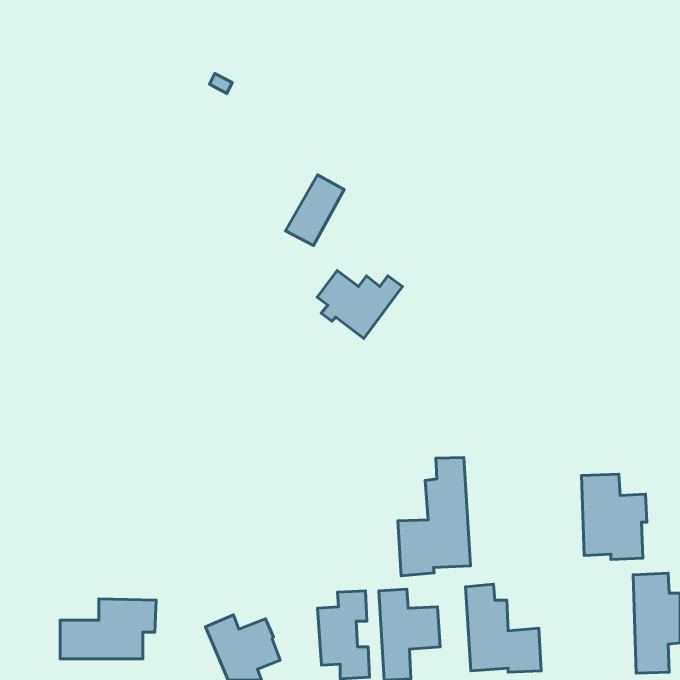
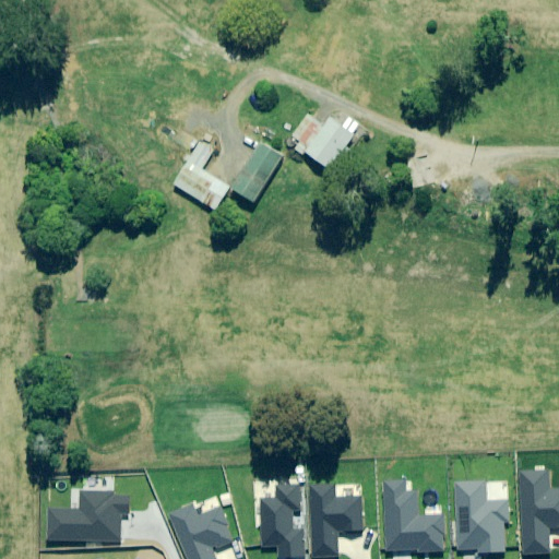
building: none -> [176,143,231,210]
building: [317,271,402,339] -> [293,112,362,168]
building: [398,458,471,576] -> none
building: [582,474,647,560] -> [453,481,507,551]

